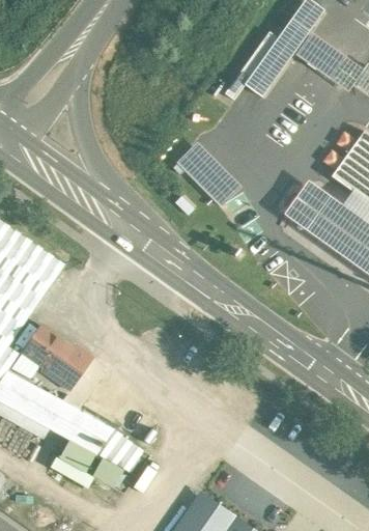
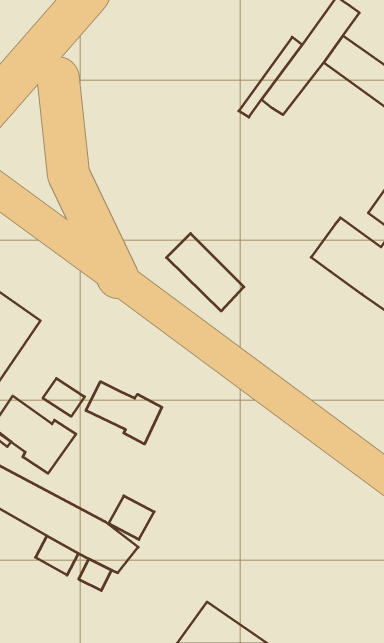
building: [175,143,238,206] -> [166,233,244,311]
building: none -> [43,378,85,416]
building: none -> [86,382,162,444]
building: none -> [109,496,154,540]

